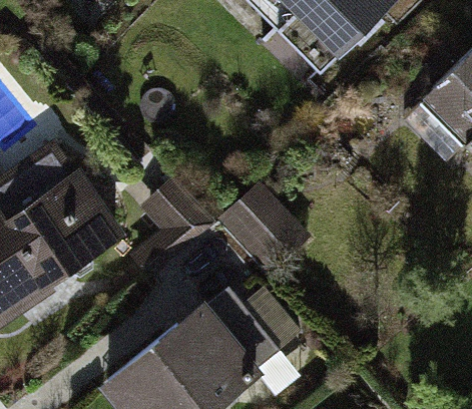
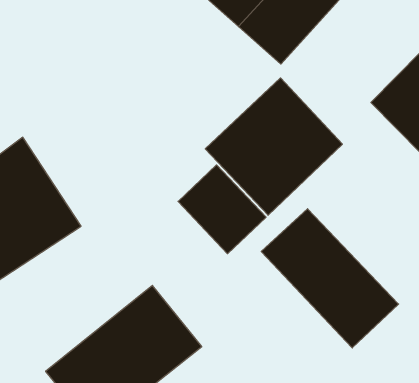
building: none -> [205,78,342,215]
building: none -> [261,209,399,348]

